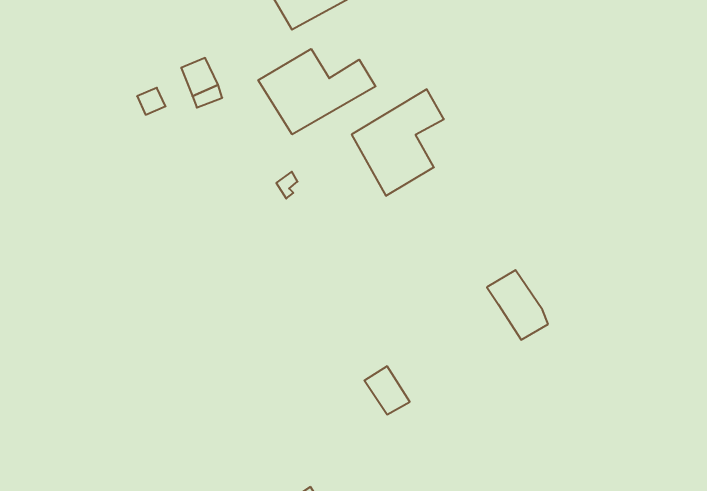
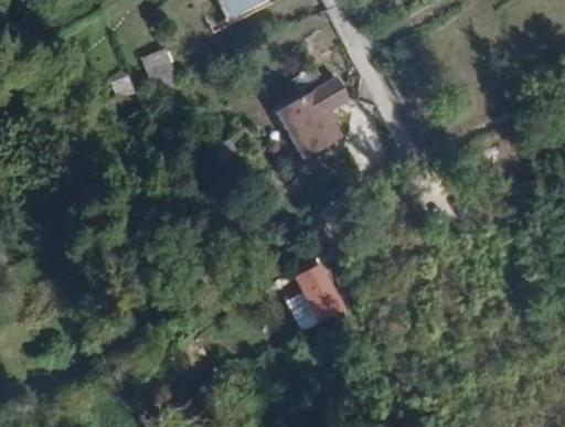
building: [258,49,376,134] -> none
building: [487,270,548,340] -> [296,264,343,318]

